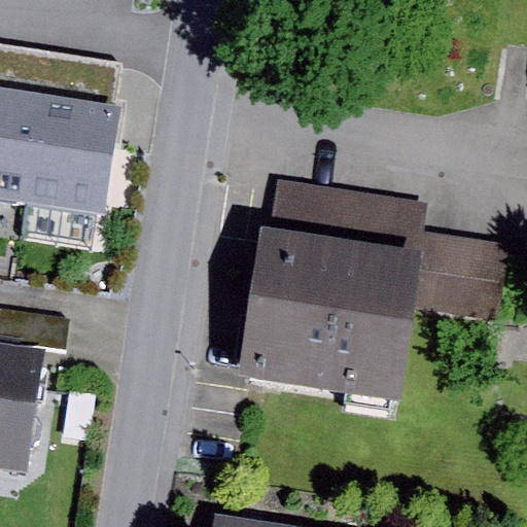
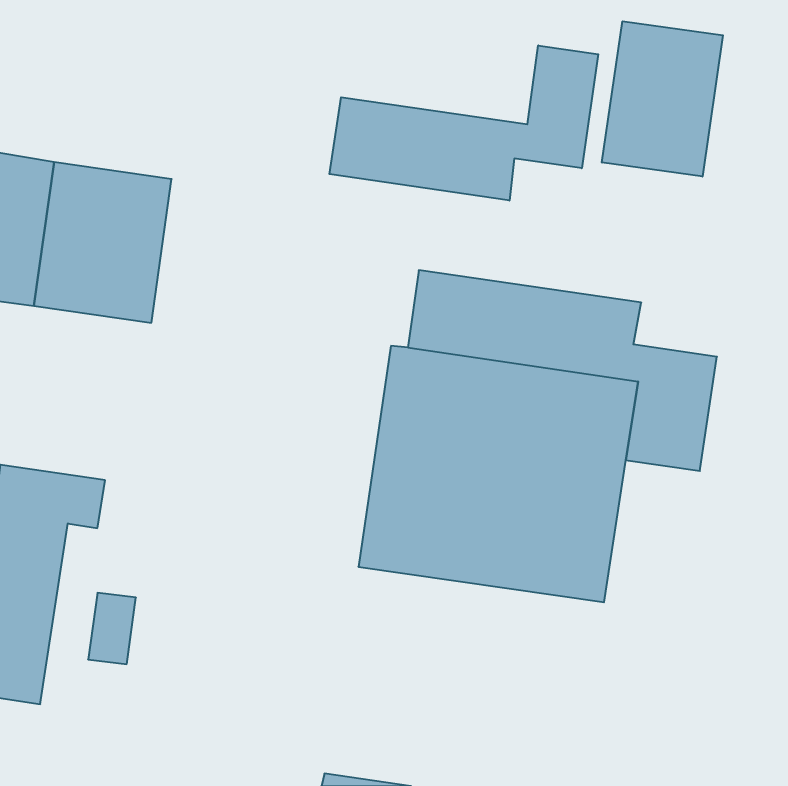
building: none -> [602,21,723,177]
building: none -> [329,45,598,201]

